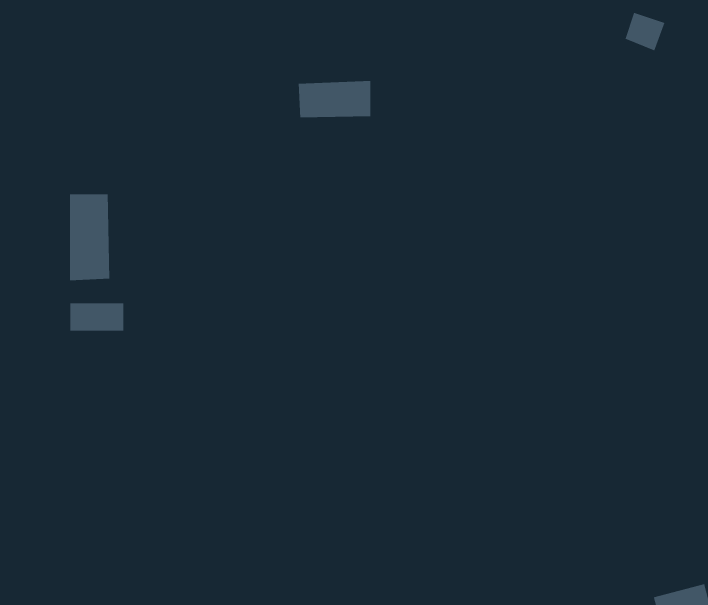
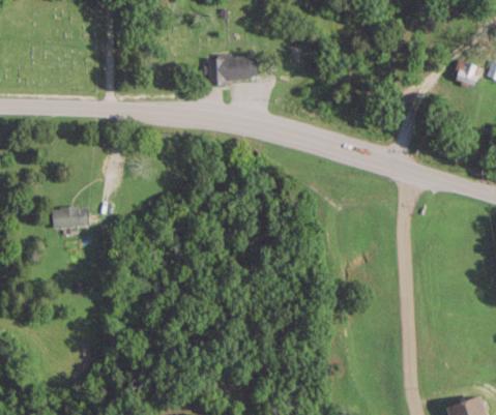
building: [624,12,666,52] -> [453,60,480,87]
building: [69,193,110,281] -> none

